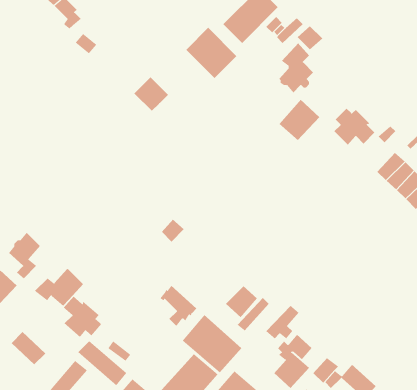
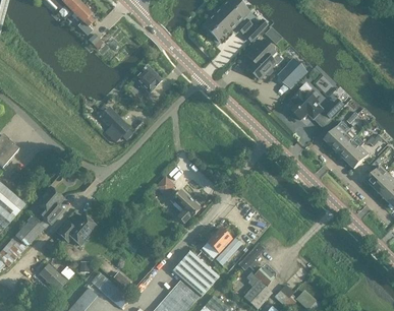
building: [185,27,237,79] -> none
building: [278,99,320,141] -> [278,55,311,87]
building: none -> [100,111,133,141]
building: [159,285,197,327] -> [171,190,201,223]
building: [63,296,102,338] -> none

